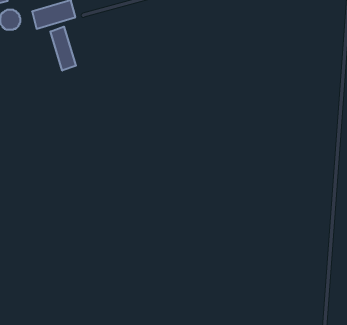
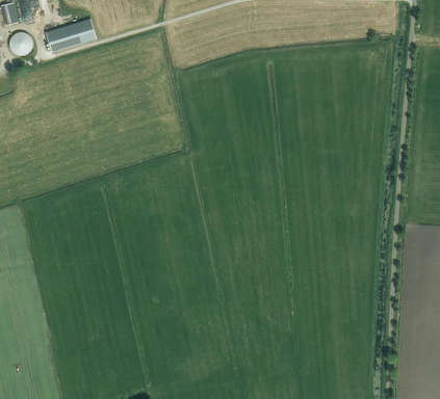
building: [50,27,76,71] -> none

